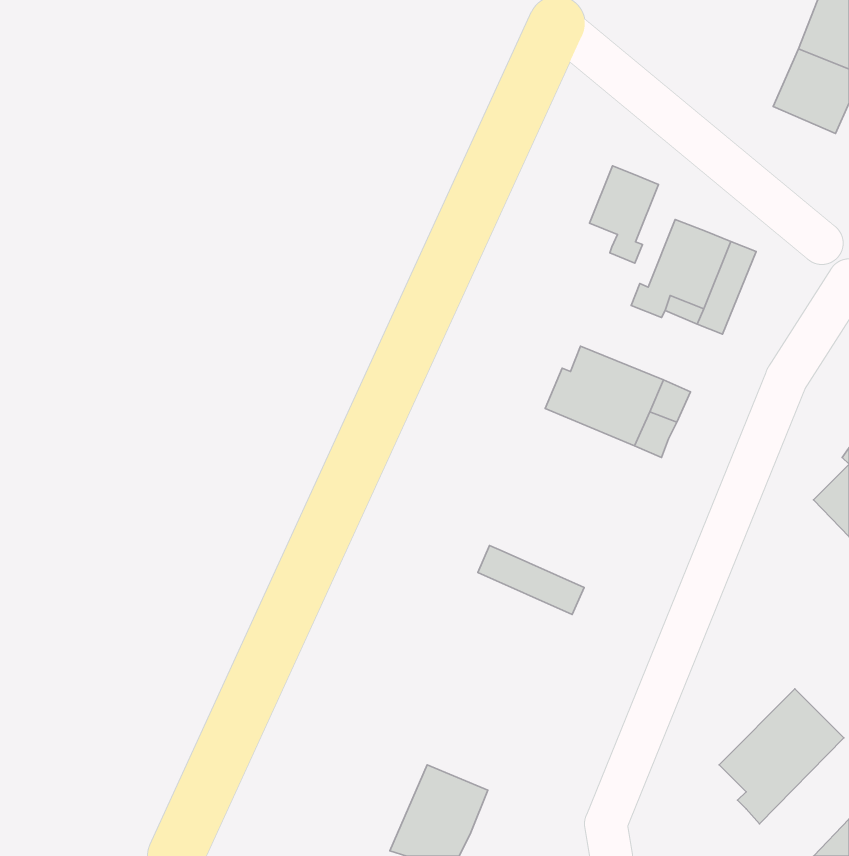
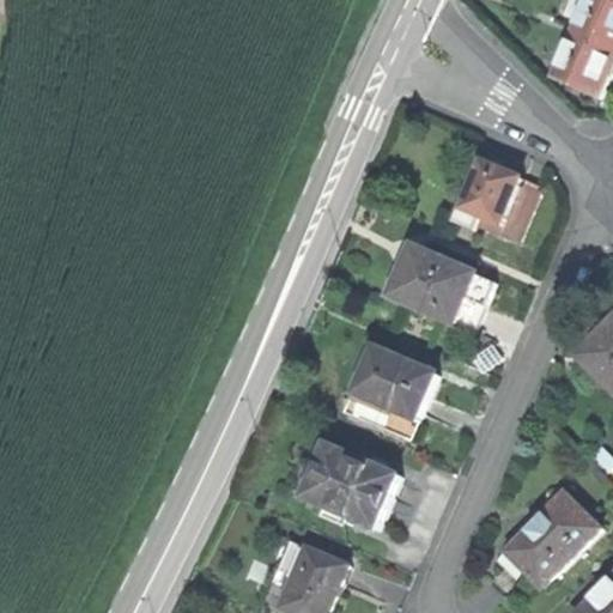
building: [590,166,659,263] -> none
building: none -> [356,344,435,417]
building: none -> [302,443,395,523]

